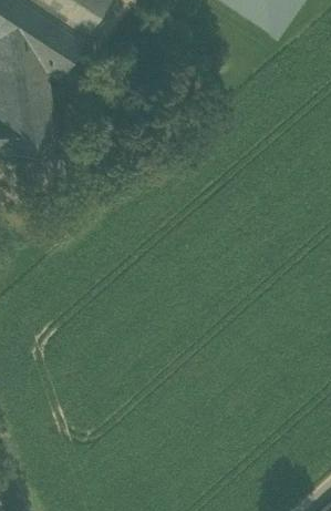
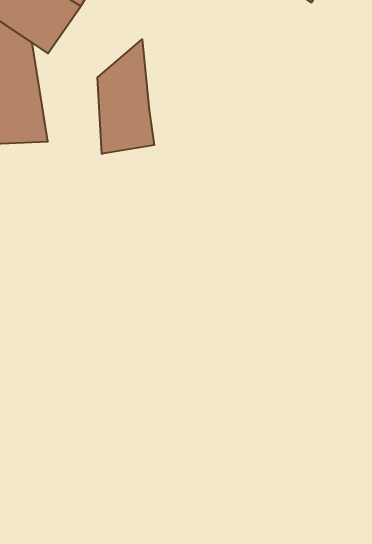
building: none -> [97,39,154,154]

